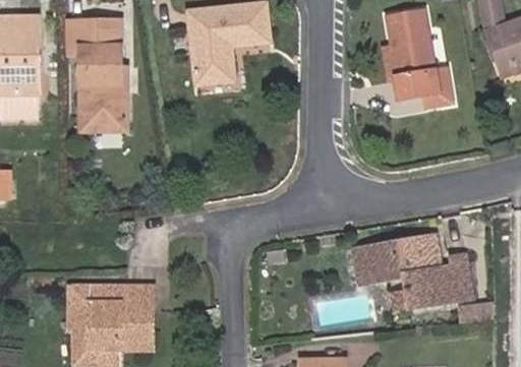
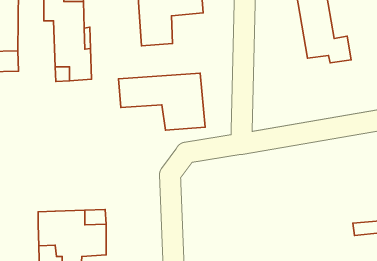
building: none -> [119,73,205,130]
building: [353,236,468,306] -> none

